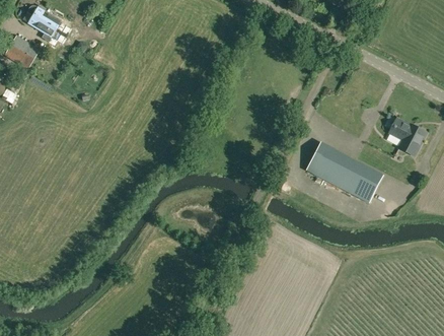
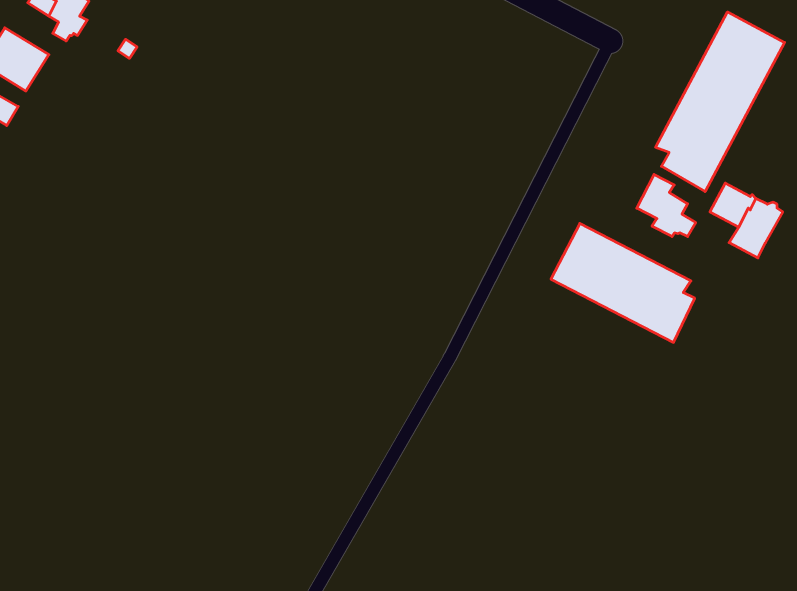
building: none -> [656,12,785,192]
building: none -> [637,174,696,237]

